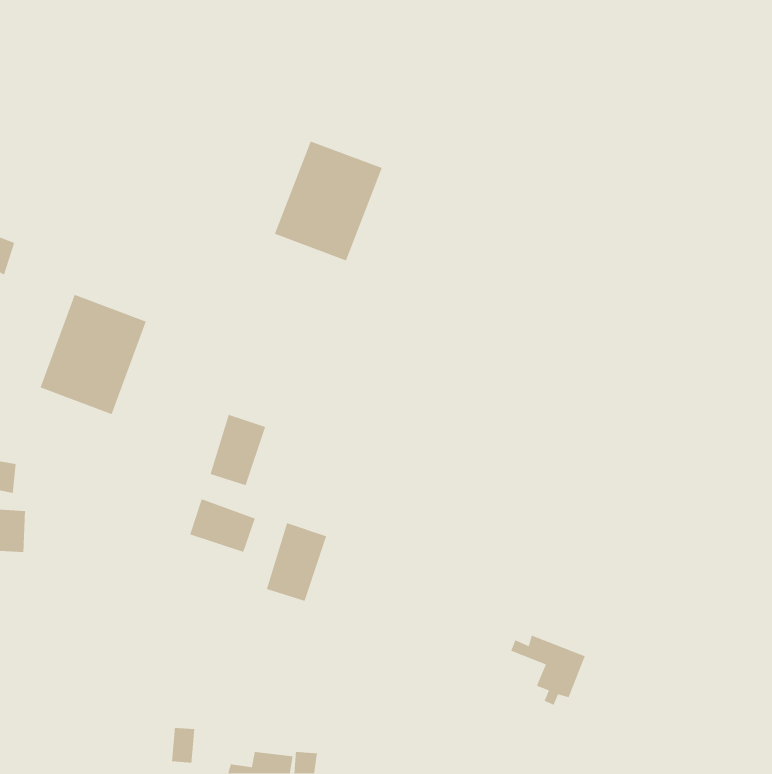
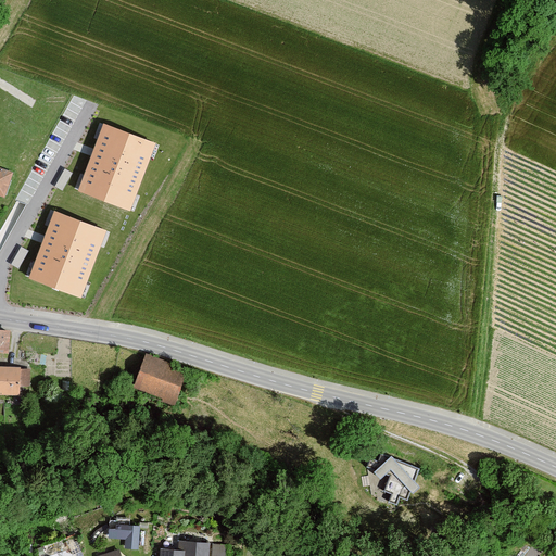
building: [274,140,383,262] -> [76,124,154,211]
building: [209,414,266,486] -> none
building: [266,522,327,602] -> none

